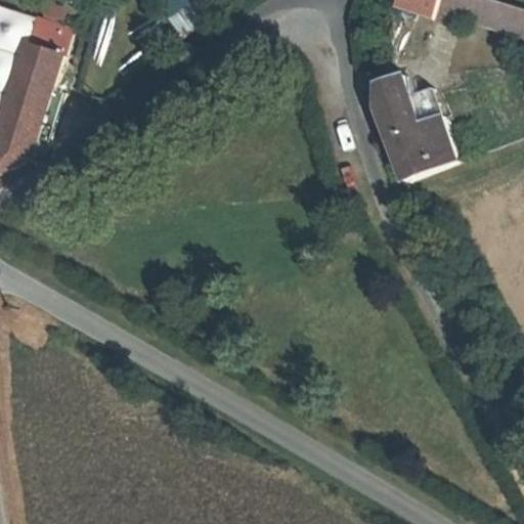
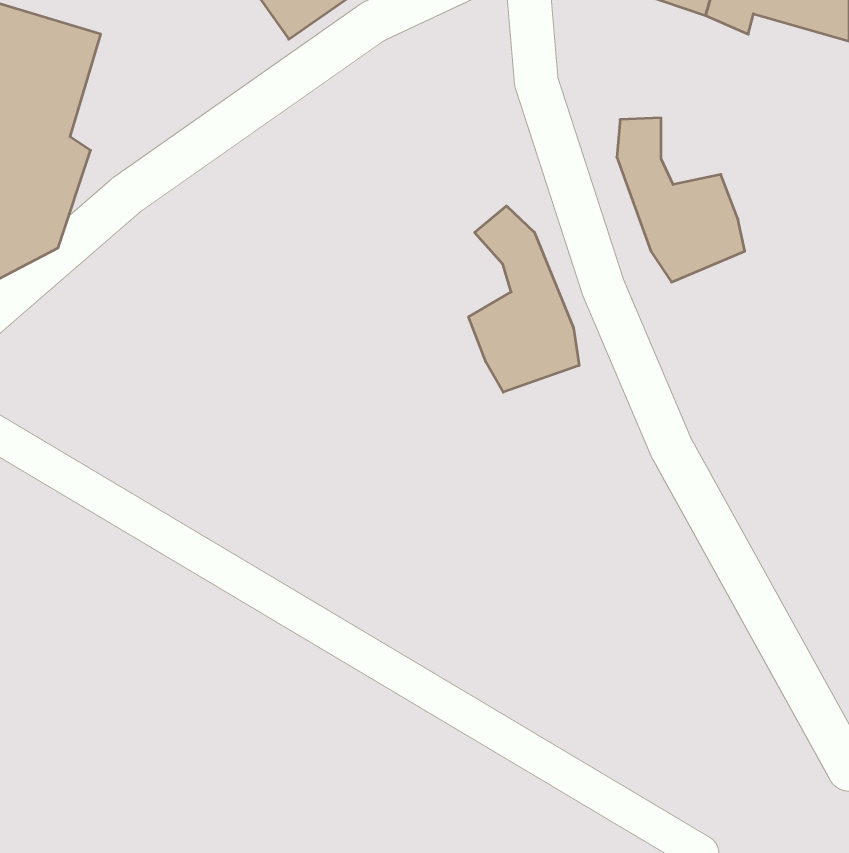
building: none -> [469,206,579,392]

